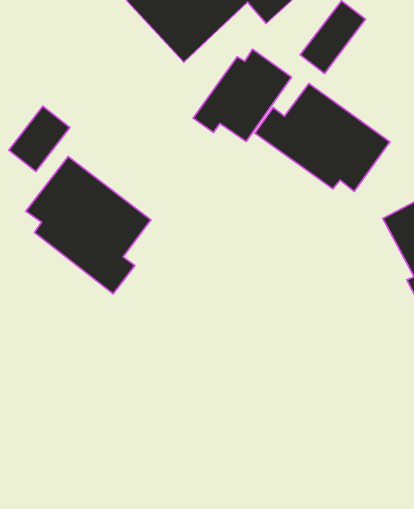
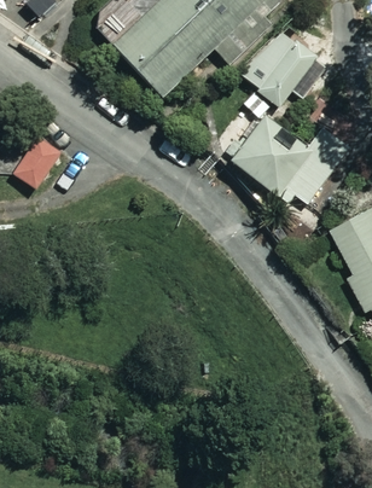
building: [193,49,292,142] -> none
building: [26,156,151,294] -> none

